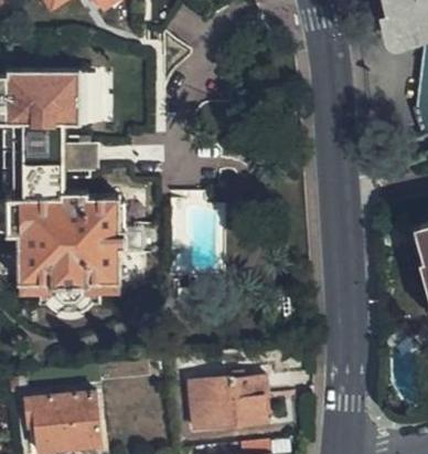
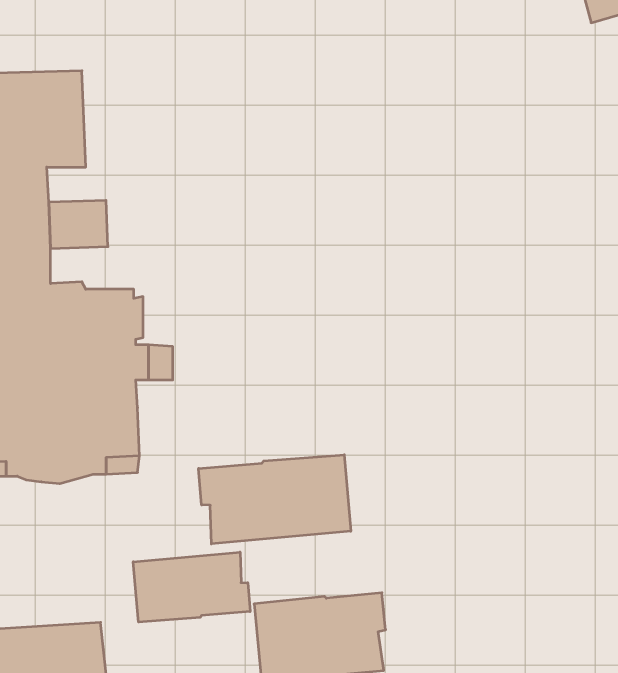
building: none -> [199,455,351,544]
building: none -> [133,552,250,622]

